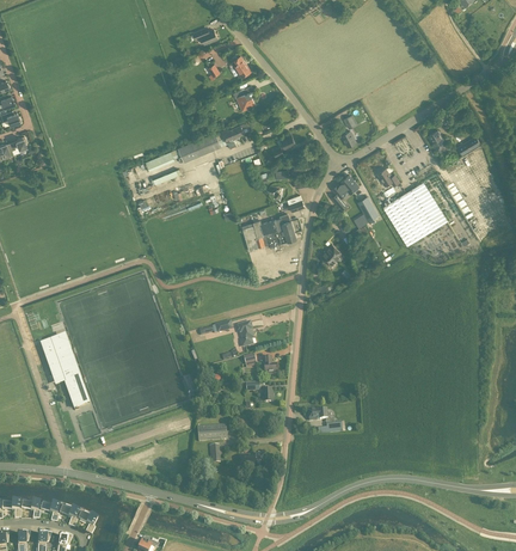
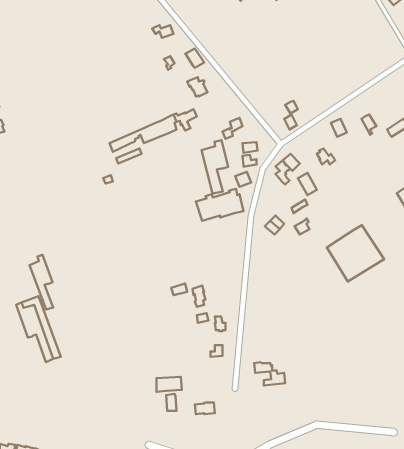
building: none -> [202,140,228,194]
building: [382,182,447,245] -> [327,225,384,282]
building: none -> [30,255,53,310]

